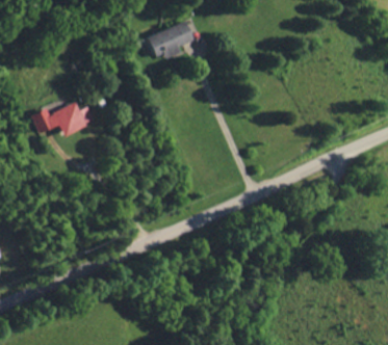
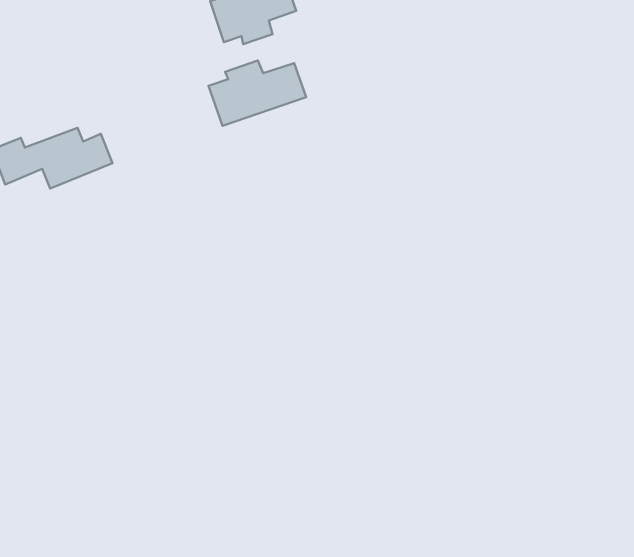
building: none -> [209,60,306,126]

